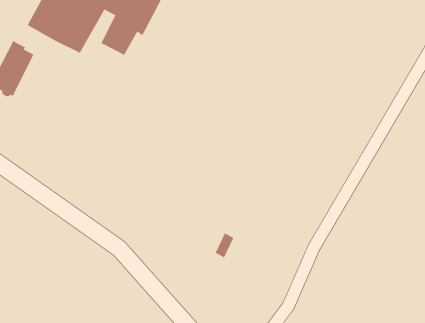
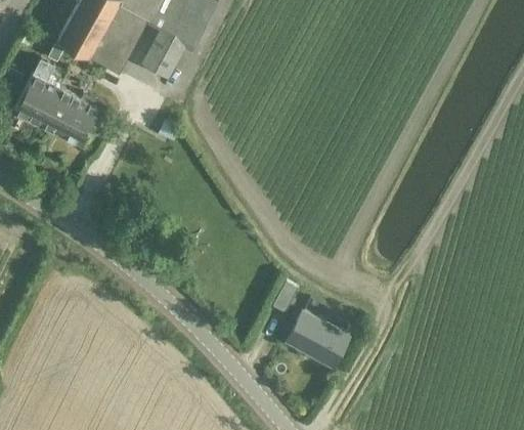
building: none -> [41,76,108,144]
building: none -> [289,311,350,368]

